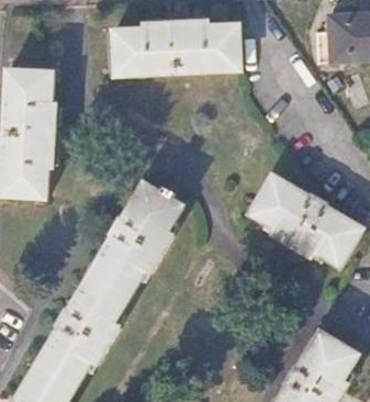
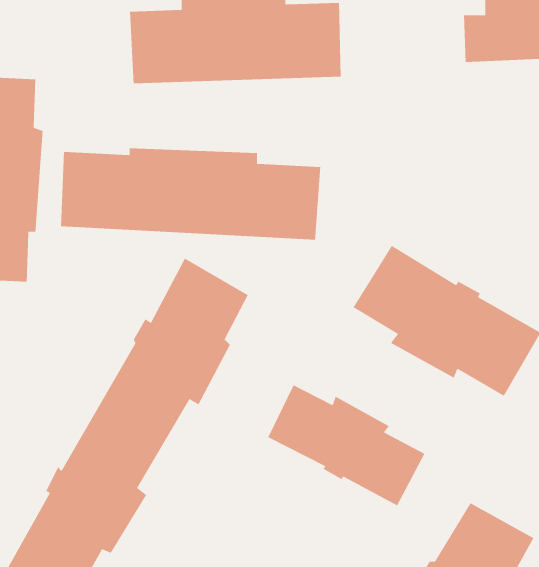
building: none -> [60,147,321,240]
building: none -> [267,384,425,507]

